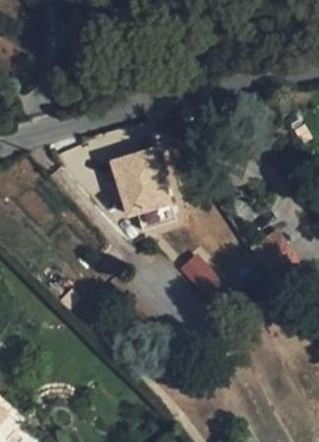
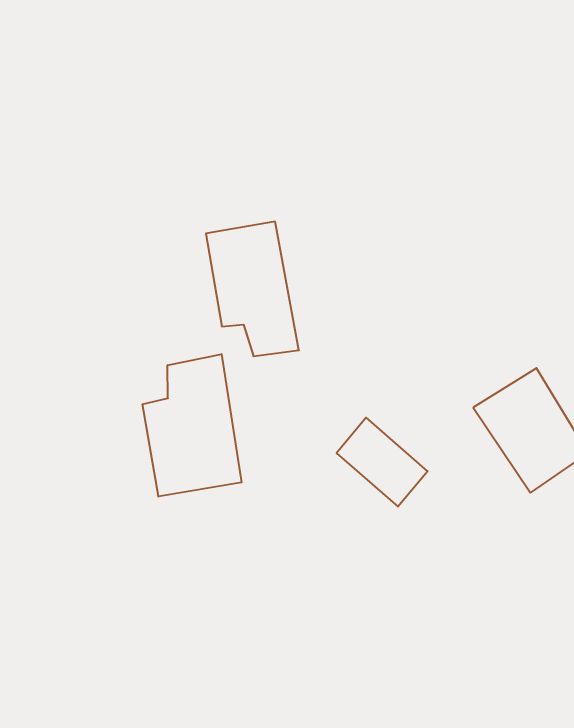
building: none -> [142,354,242,497]

